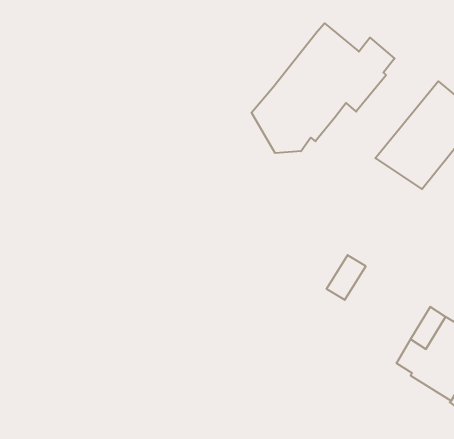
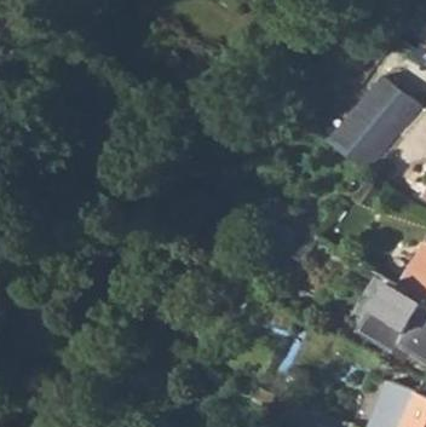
building: [252,23,395,153] -> none

